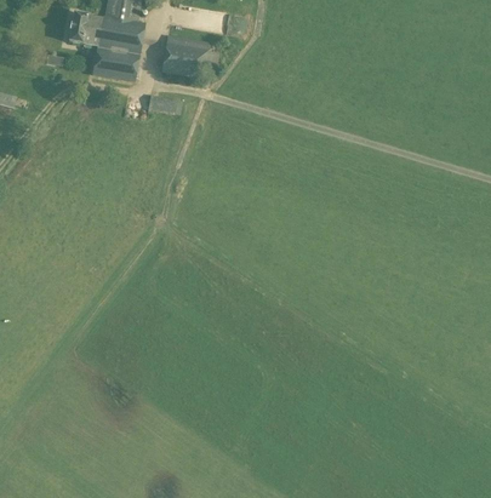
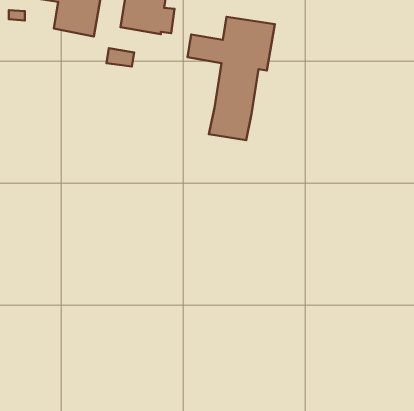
building: none -> [187,17,275,140]

